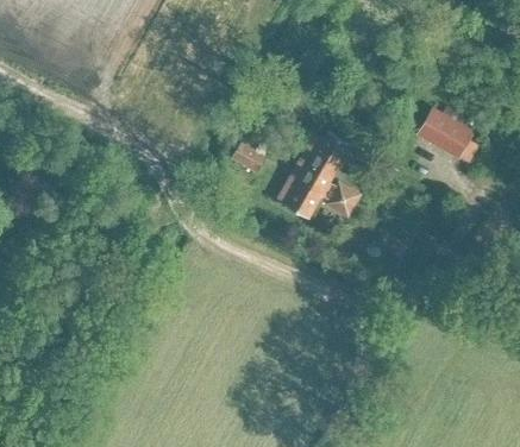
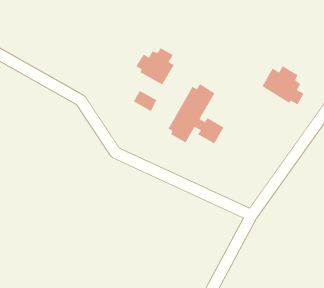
building: none -> [135,47,175,85]

